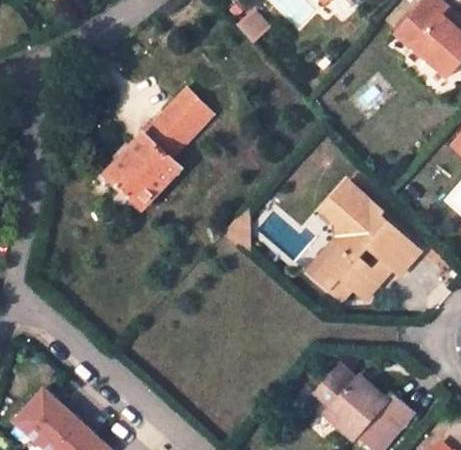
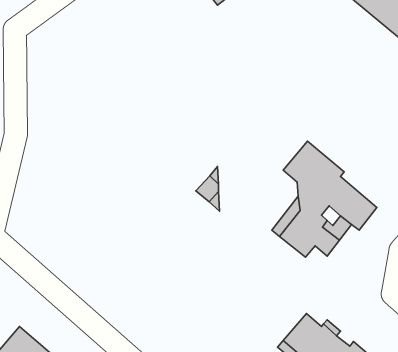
building: [107,88,212,210] -> none

